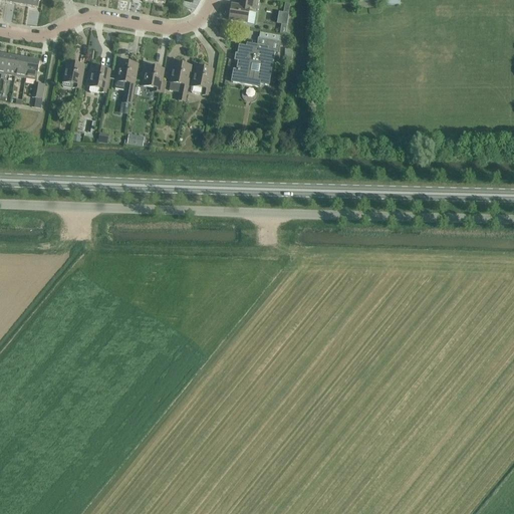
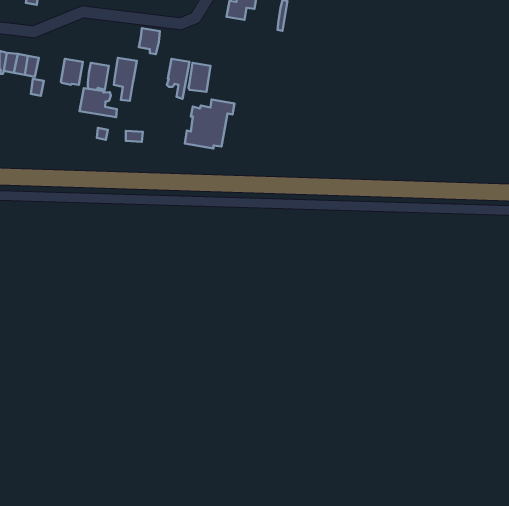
building: [230,34,280,83] -> [185,100,235,148]
building: [142,63,163,89] -> [139,28,160,54]
building: none -> [80,88,117,117]

